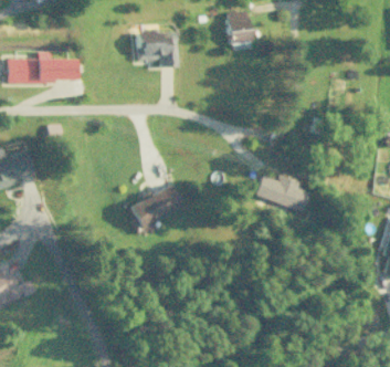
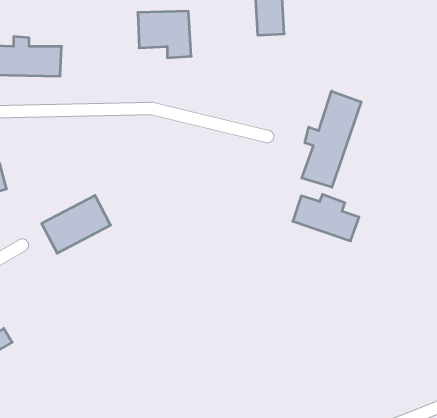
building: none -> [302,91,361,187]
building: [129,184,183,229] -> [42,195,111,253]

